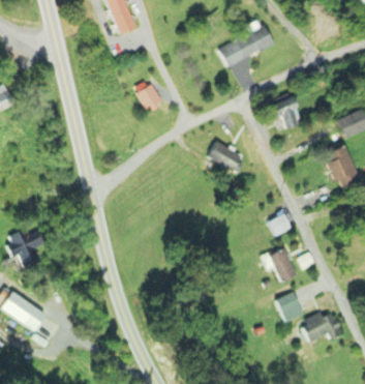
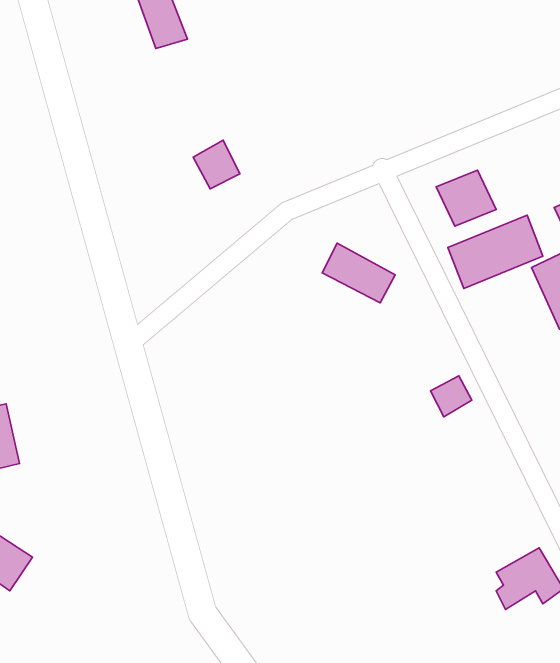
building: [219,26,273,65] -> none
building: none -> [448,215,543,288]
building: [267,246,296,282] -> none
building: [275,292,303,322] -> none

